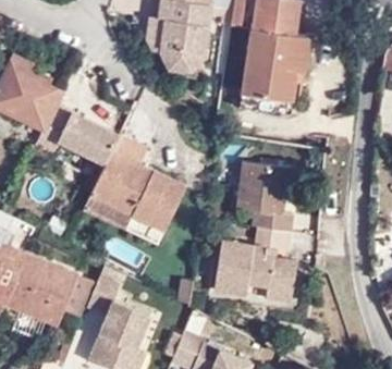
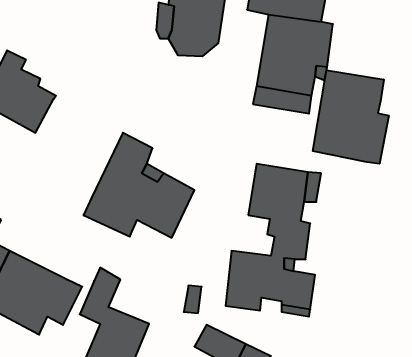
building: none -> [313,70,389,164]
building: [36,106,120,165] -> none

